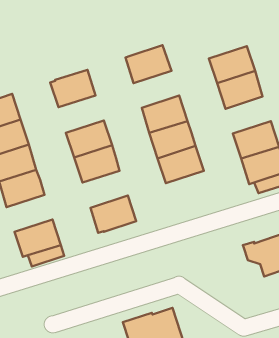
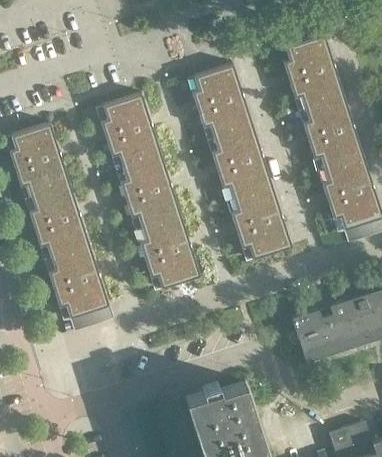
building: none -> [278,35,334,80]
building: none -> [197,95,252,140]
building: none -> [106,125,161,170]
building: none -> [308,126,363,171]
building: none -> [135,216,190,261]
building: none -> [236,216,292,261]
building: none -> [43,245,99,290]
building: none -> [291,308,355,360]

